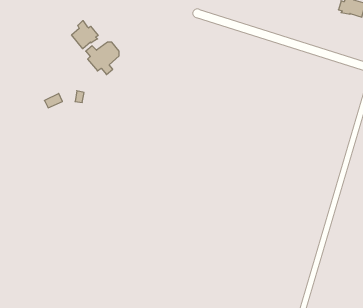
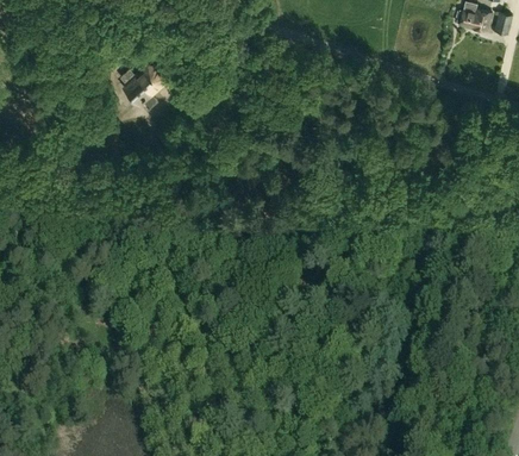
building: [72,21,98,49] -> none

